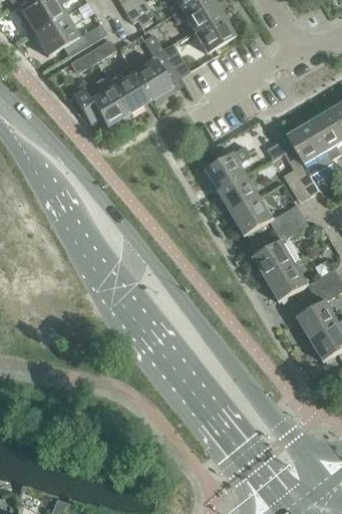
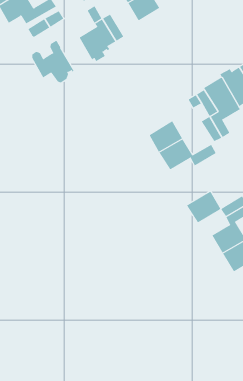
building: [111,72,149,113] -> none
building: [206,144,253,193] -> none
building: [253,215,309,279] -> none

